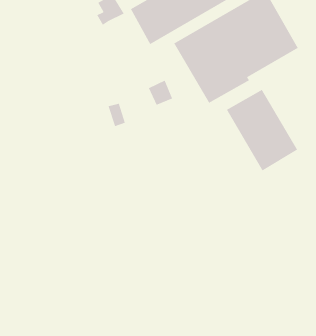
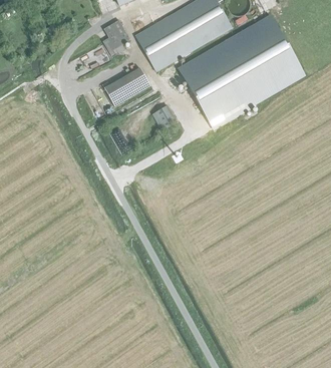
building: none -> [102,66,150,105]
building: [226,89,298,172] -> none

